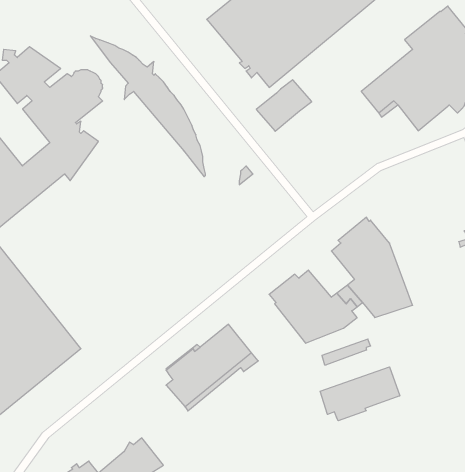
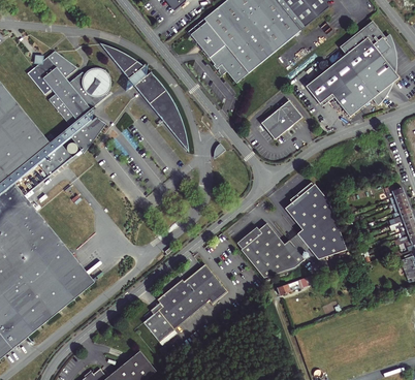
building: [256,80,312,131] -> [261,100,304,139]
building: [320,367,400,421] -> none
building: none -> [143,302,174,342]

